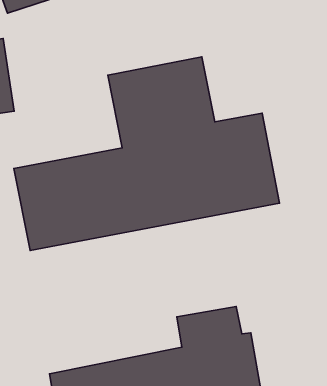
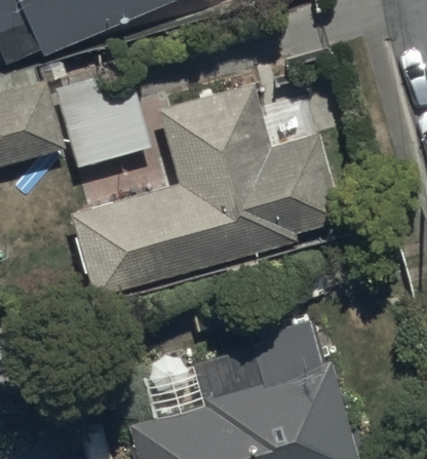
building: none -> [50,60,151,171]

